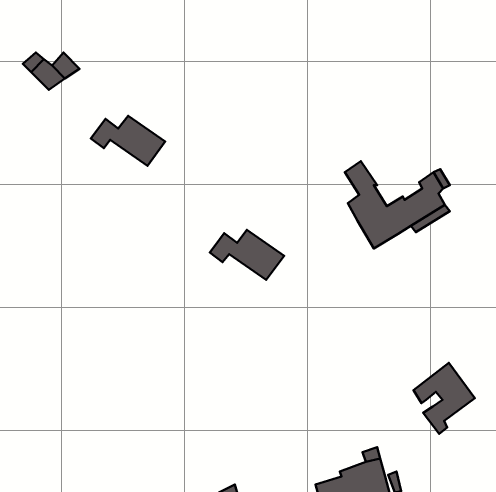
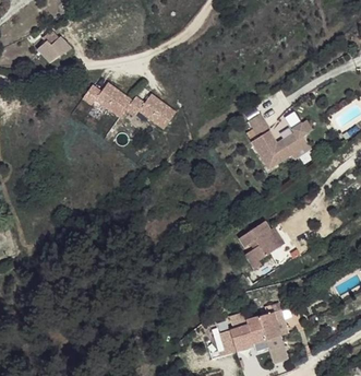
building: [210,230,284,280] -> [121,92,171,126]
building: [413,363,475,434] -> [240,218,281,266]

